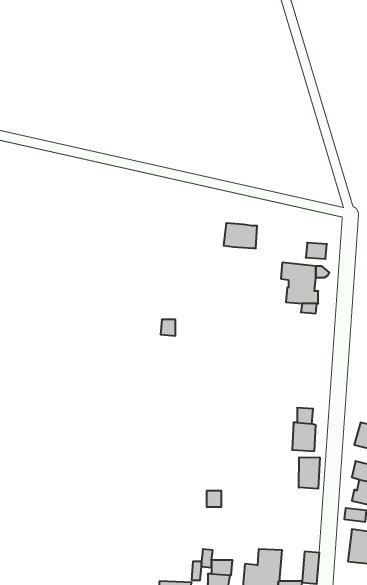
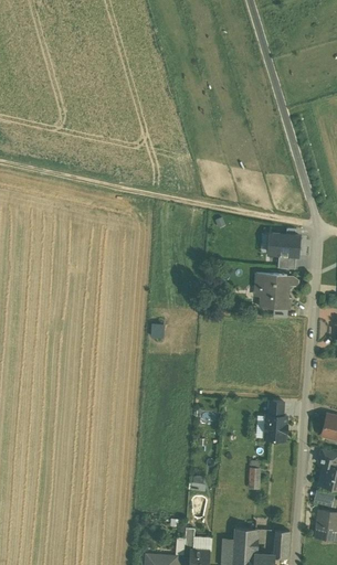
building: [224,223,257,248] -> [270,233,299,255]
building: [299,457,320,489] -> none

